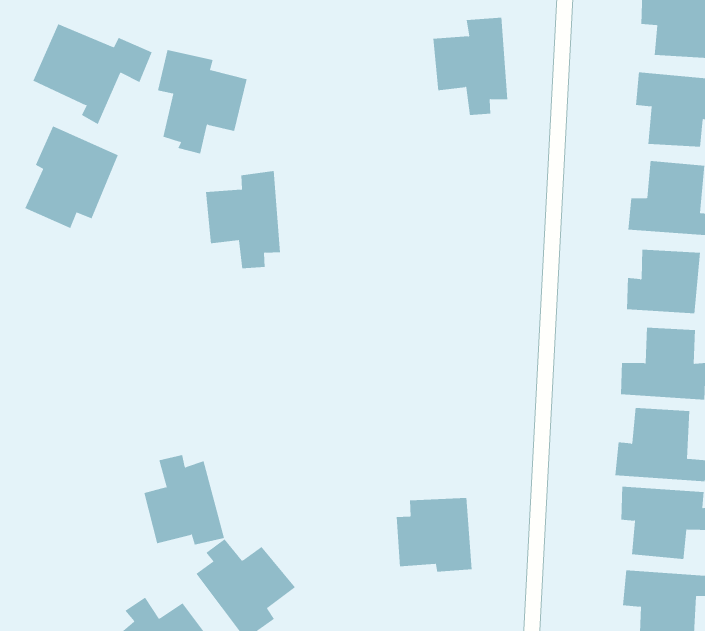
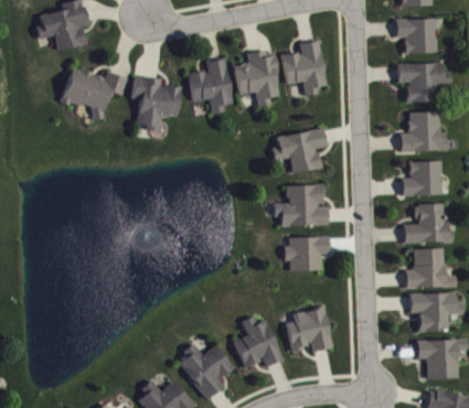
building: none -> [234,50,279,106]
building: [25,125,119,229] -> none
building: [205,170,281,269] -> [188,57,233,114]
building: none -> [273,128,327,173]
building: none -> [274,184,328,226]
building: none -> [286,236,329,270]
building: [143,455,225,545] -> [234,316,281,367]

